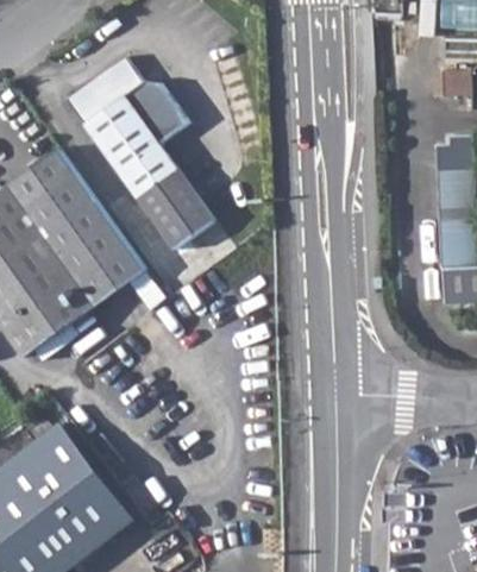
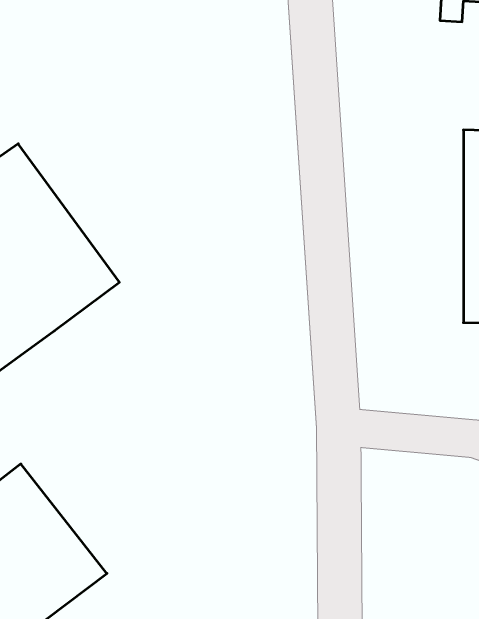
building: [68,59,211,247] -> none

